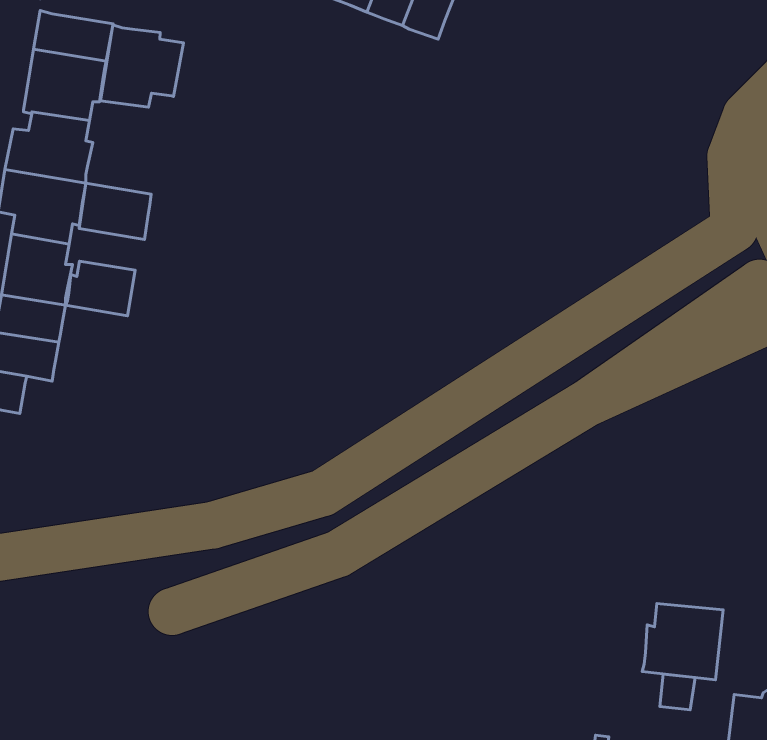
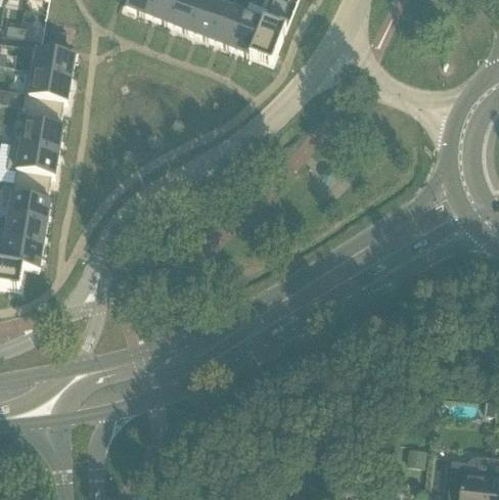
building: [101,25,183,107] -> none
building: [79,183,151,240] -> none
building: [66,261,135,316] -> none
building: [642,603,723,680] -> none

